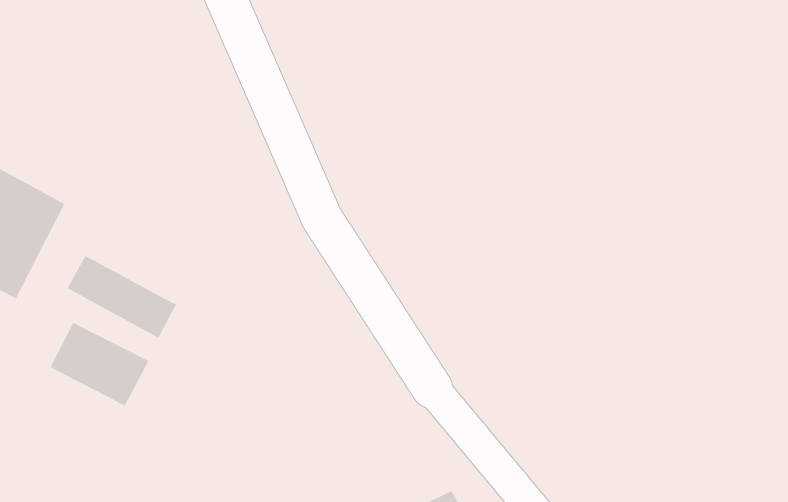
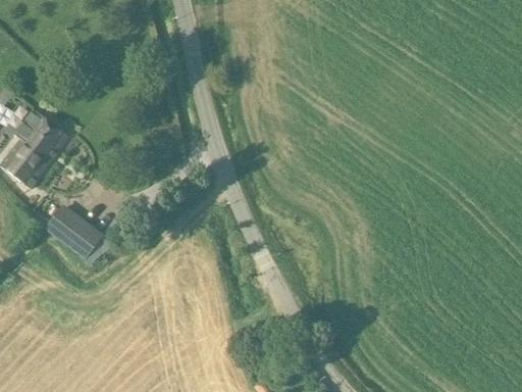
building: [67,255,177,338] -> none

